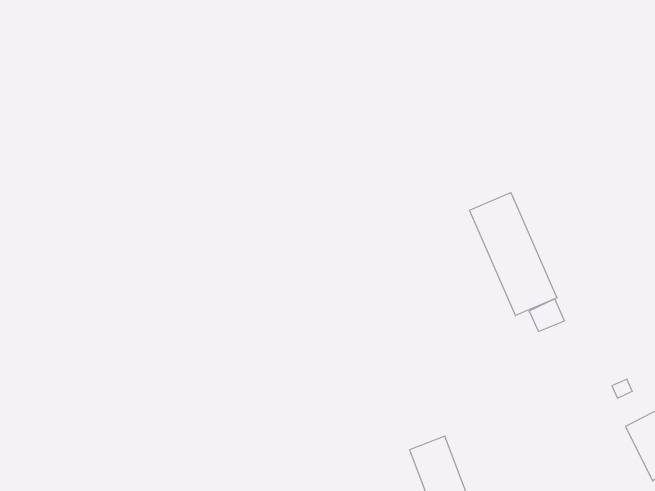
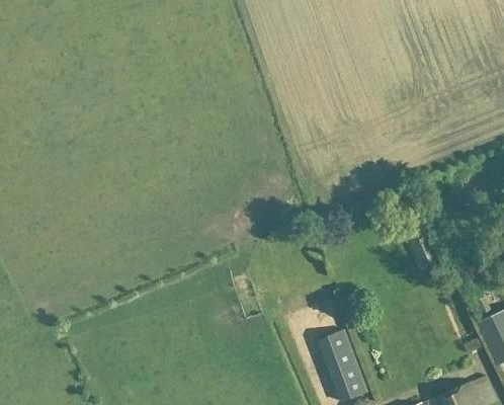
building: [470,193,557,316] -> none

